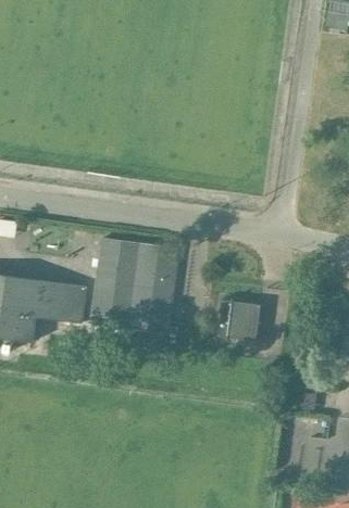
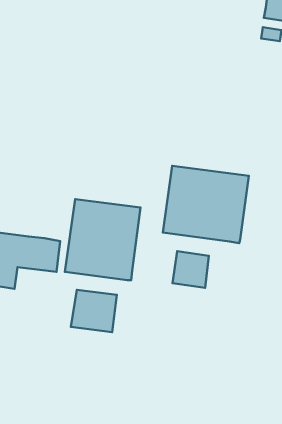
building: none -> [163,166,249,243]
building: none -> [71,290,117,332]

